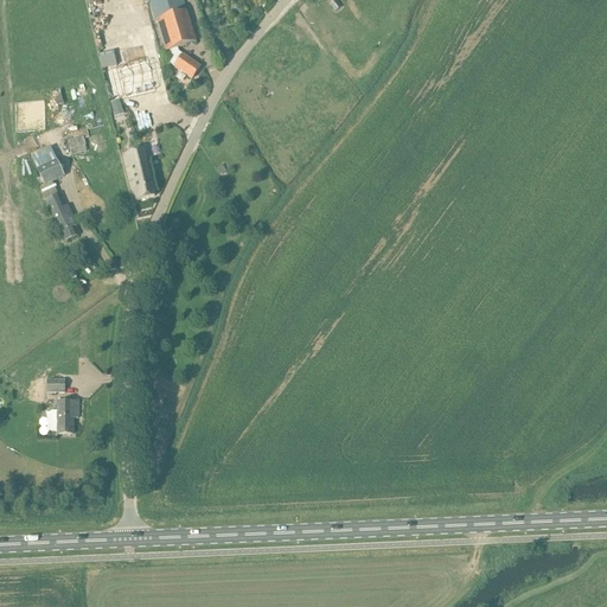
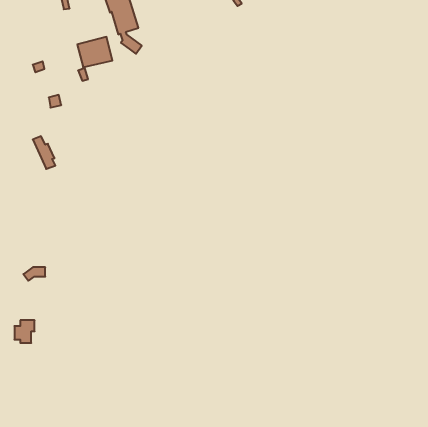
building: [32,145,65,197] -> none
building: [124,146,156,198] -> none
building: [51,400,79,432] -> [14,320,35,343]

